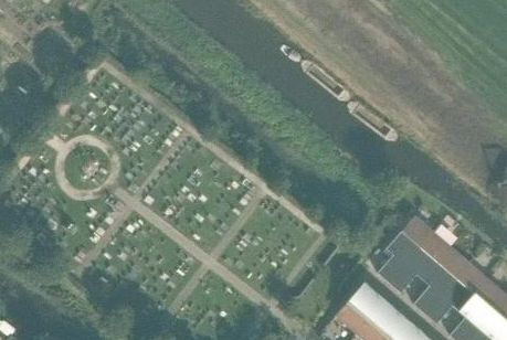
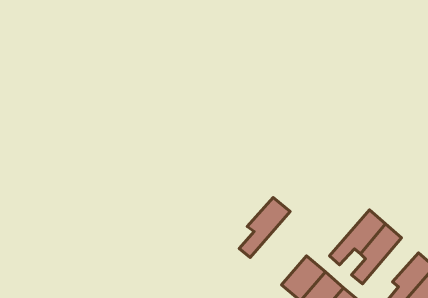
building: [377,217,433,284] -> [239,197,290,257]
building: [425,264,487,325] -> none

